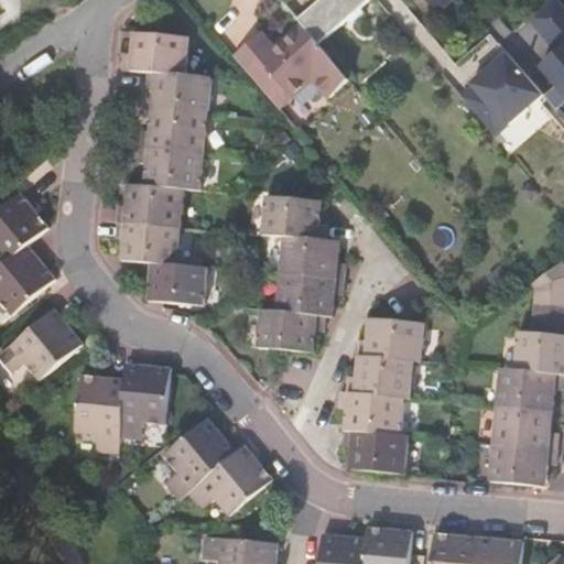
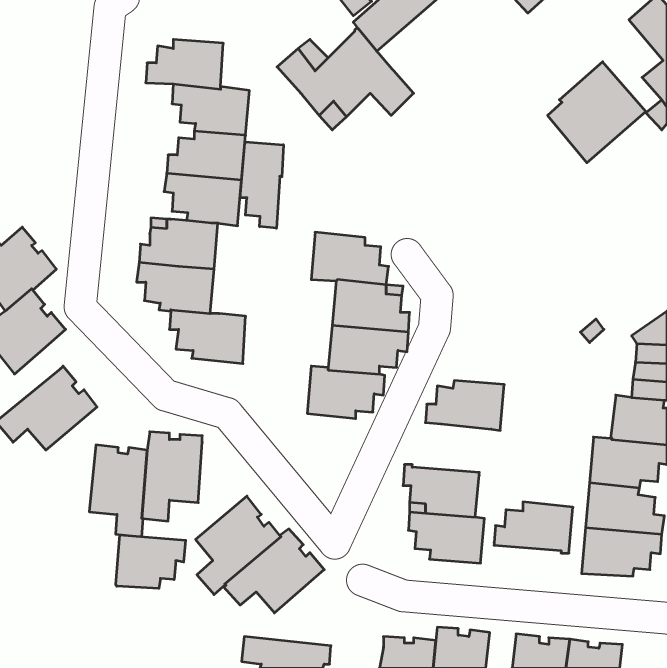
building: none -> [240,142,283,228]
building: [346,356,412,399] -> [494,502,573,553]
building: none -> [116,535,186,588]

